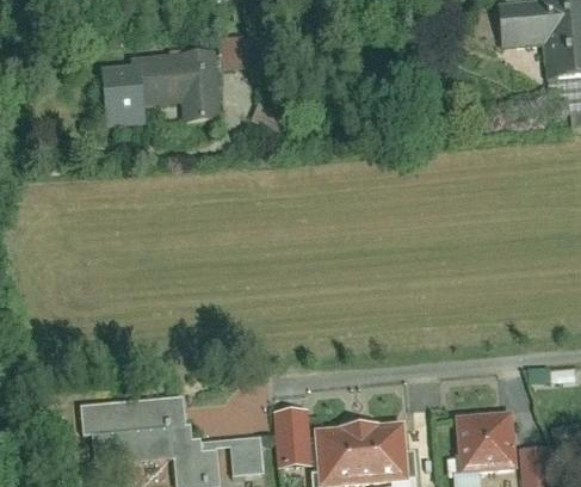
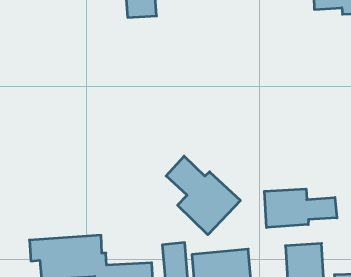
building: [101,57,214,124] -> none
building: none -> [166,156,240,235]
building: none -> [264,189,337,228]

